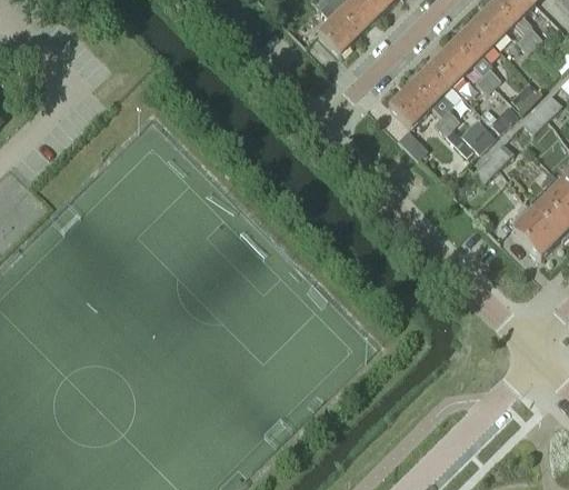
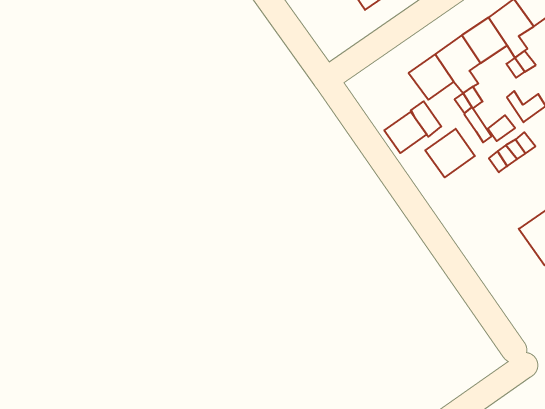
building: none -> [384,112,427,153]
building: none -> [425,129,475,177]

